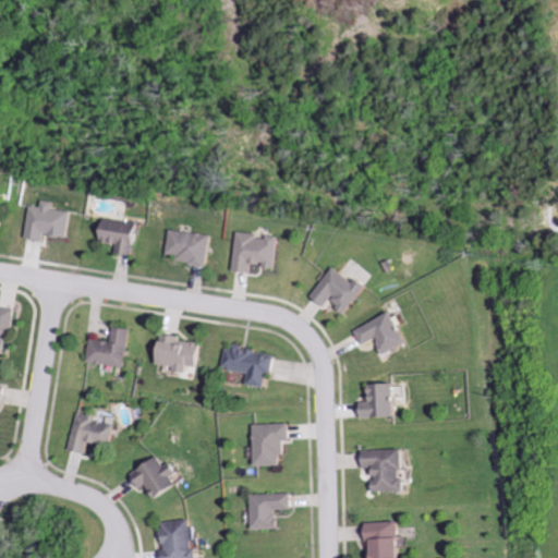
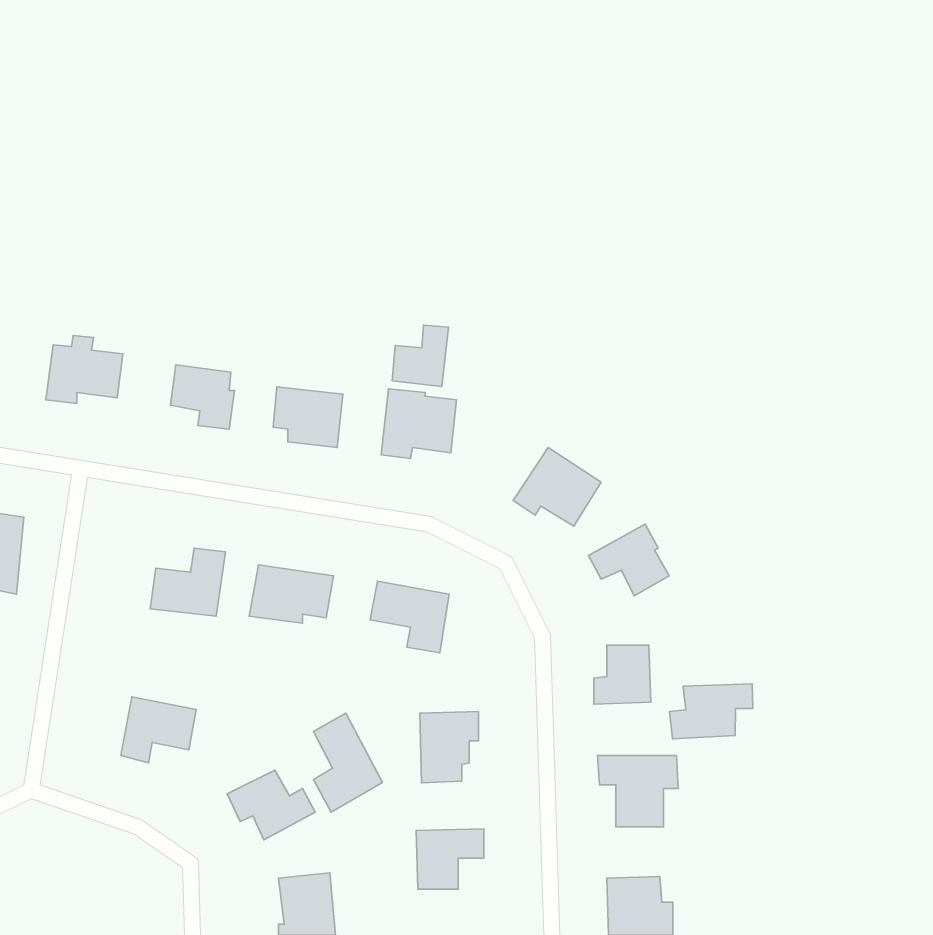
building: none -> [392,325,449,387]
building: none -> [670,684,753,739]
building: none -> [313,713,382,812]

